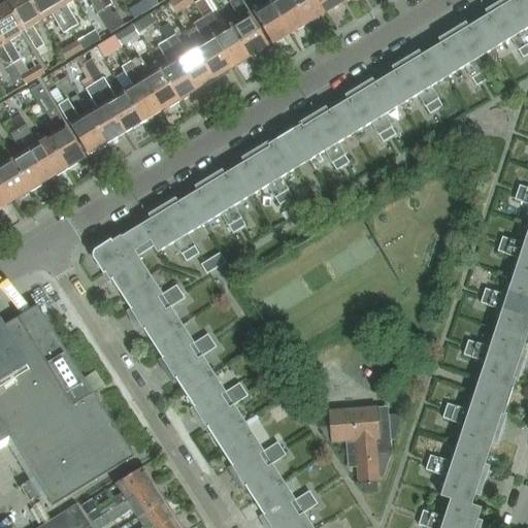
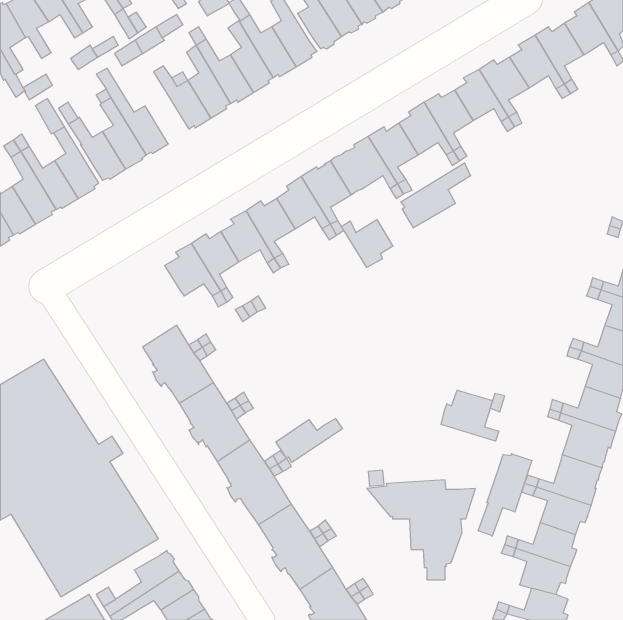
building: [121,61,160,122] -> none
building: none -> [401,163,471,228]
building: none -> [341,220,393,267]
building: [91,225,153,294] -> none
building: none -> [441,390,499,441]
building: none -> [276,418,342,462]
building: none -> [478,454,532,536]

